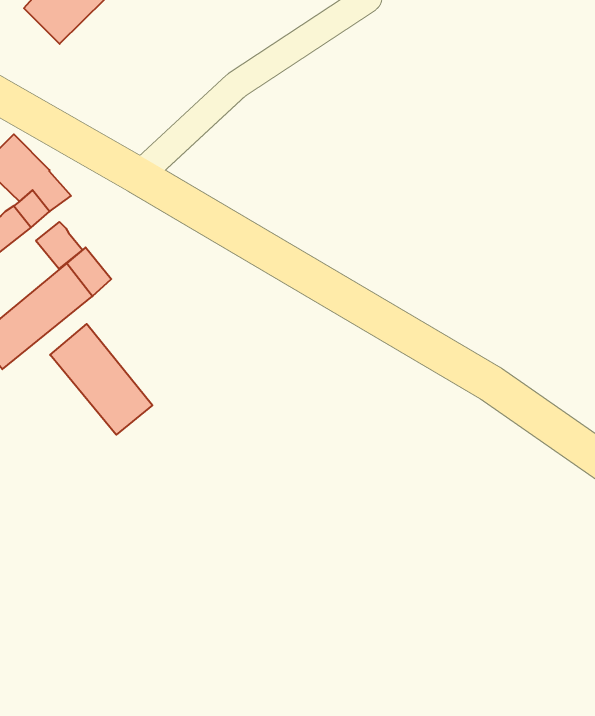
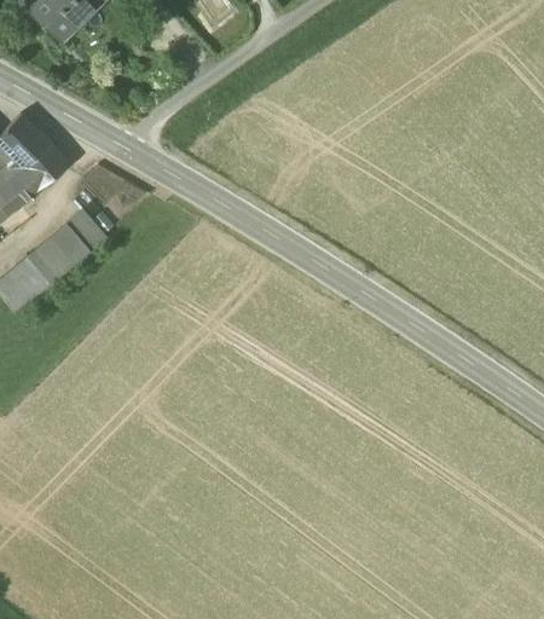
building: [36,222,83,269] -> none
building: [50,324,152,435] -> none

